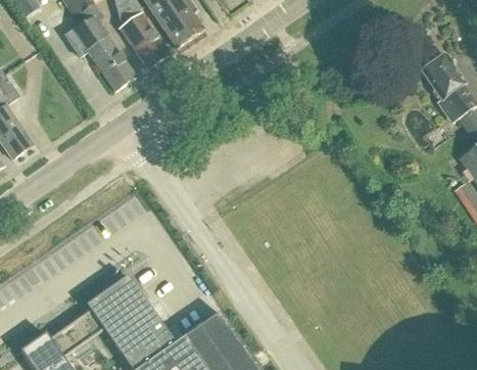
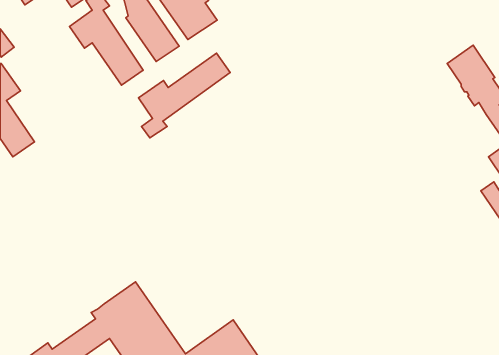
building: none -> [138,53,230,138]

